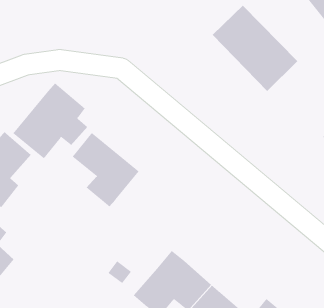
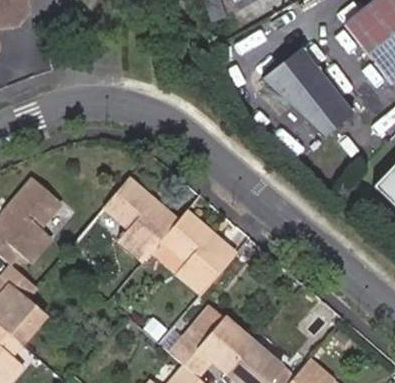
building: [12,82,88,159] -> none
building: none -> [153,213,237,295]

